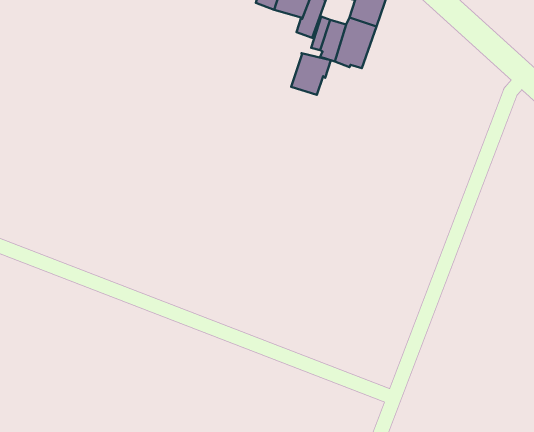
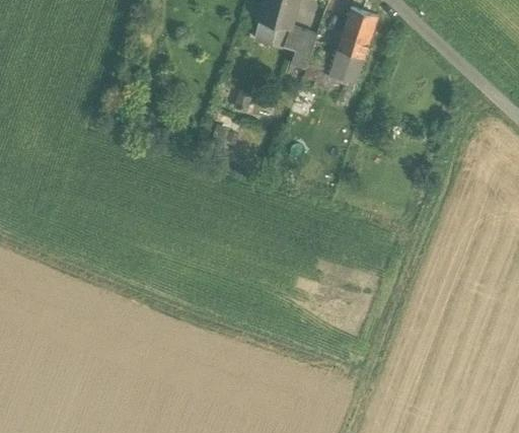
building: [291,53,331,95] -> none

